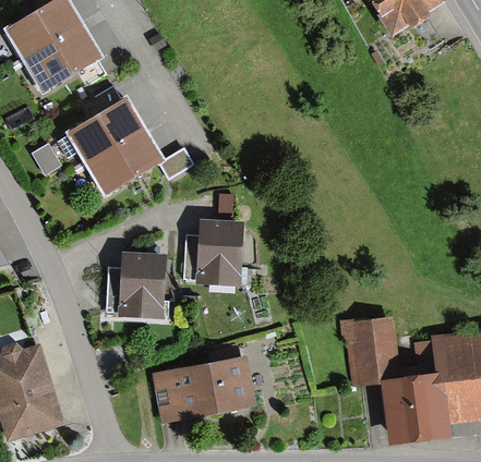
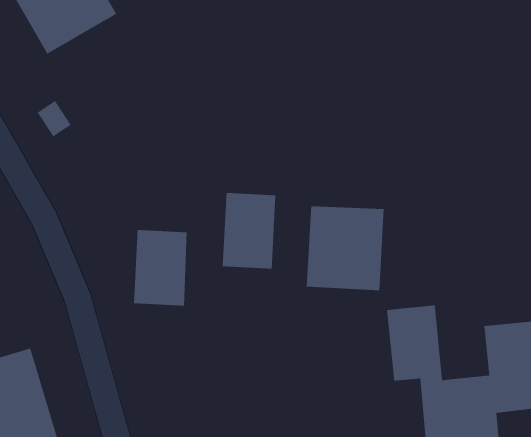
building: [68,95,167,195] -> none
building: none -> [306,206,384,291]
building: [152,361,245,425] -> none

